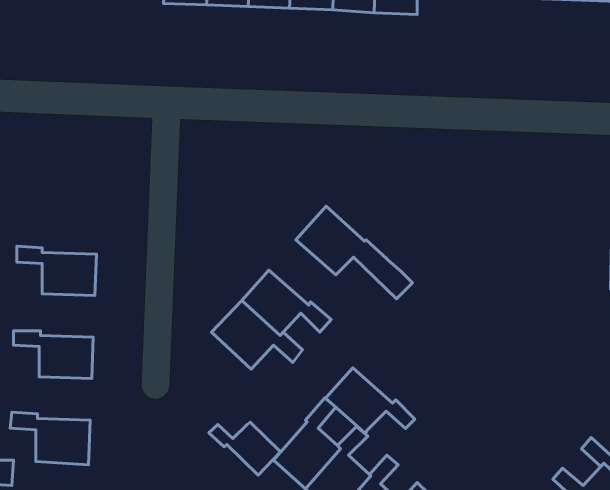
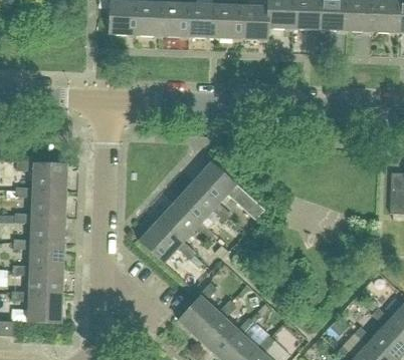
building: none -> [16,159,66,191]
building: none -> [14,213,64,243]
building: [326,368,415,433] -> [174,182,230,223]
building: none -> [12,264,62,295]
building: [209,422,281,475] -> none

